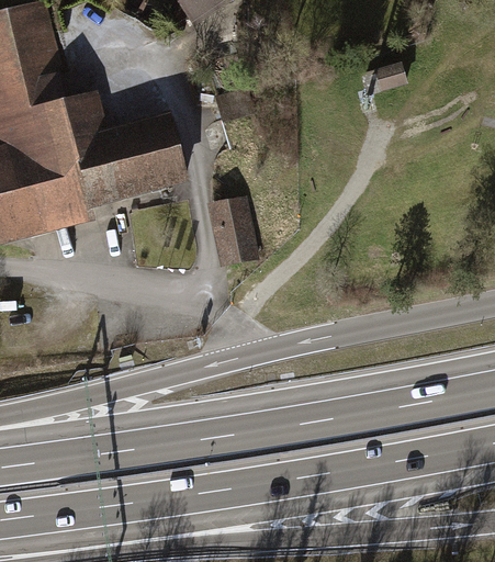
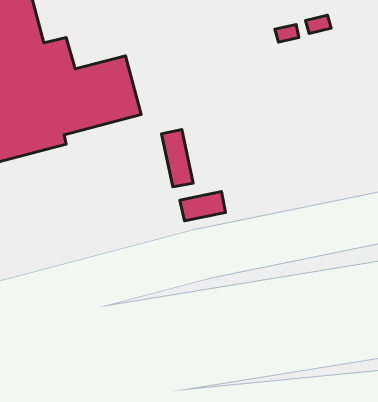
building: none -> [180,192,225,221]

